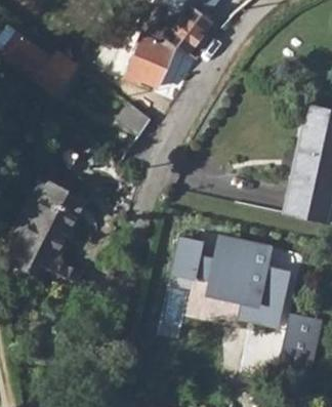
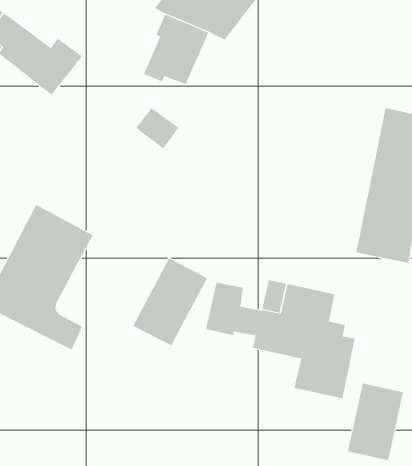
building: none -> [133,258,208,346]

